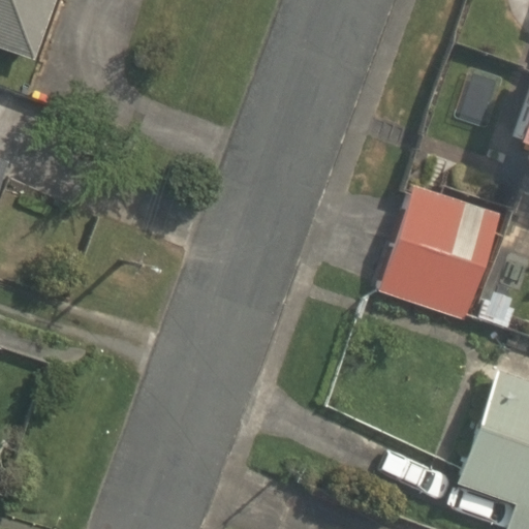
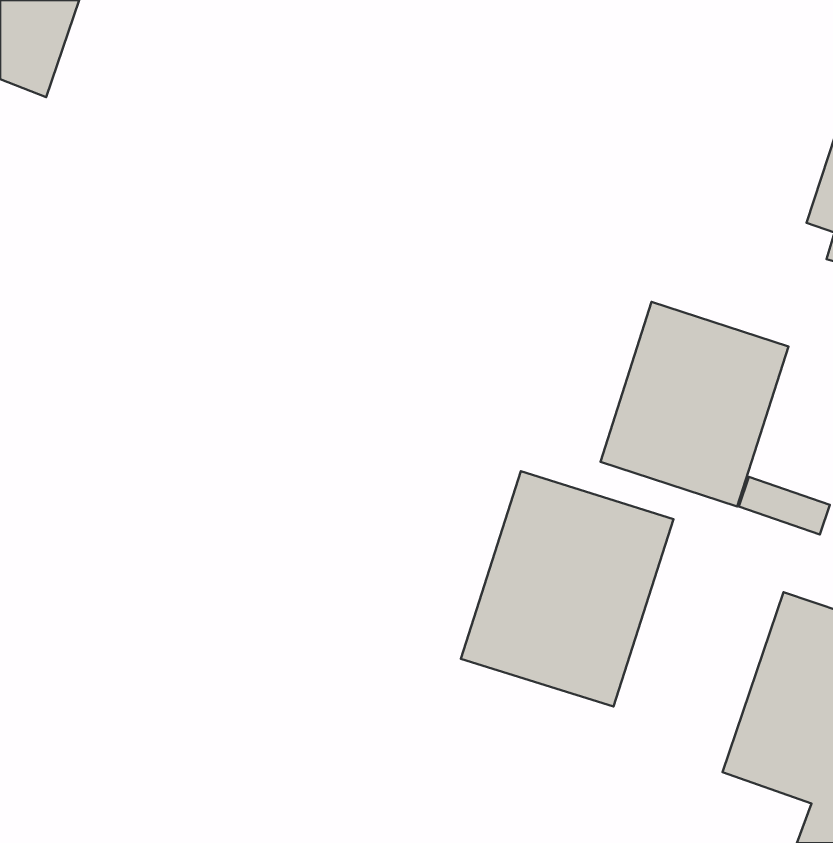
building: none -> [461,471,674,707]

